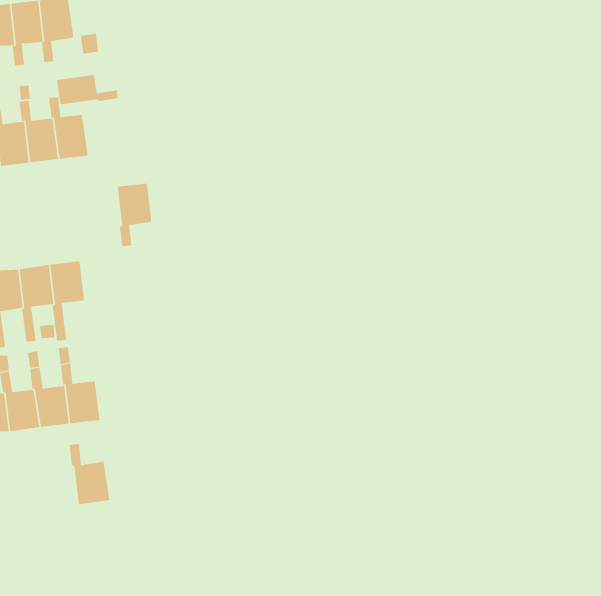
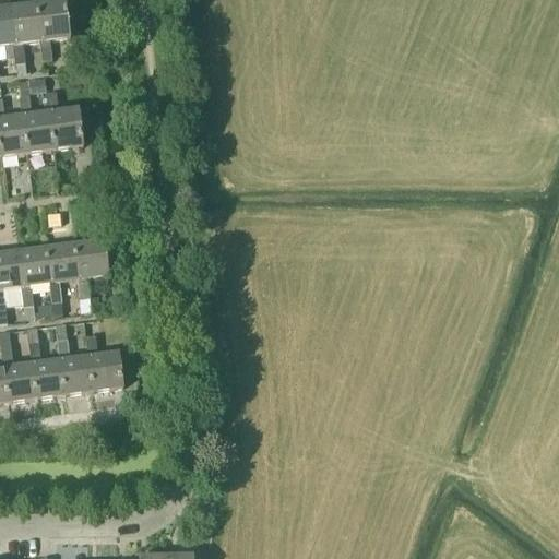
building: [56,74,118,105] -> none
building: [117,183,152,247] -> [74,238,107,297]
building: [69,444,110,505] -> [84,332,122,389]

